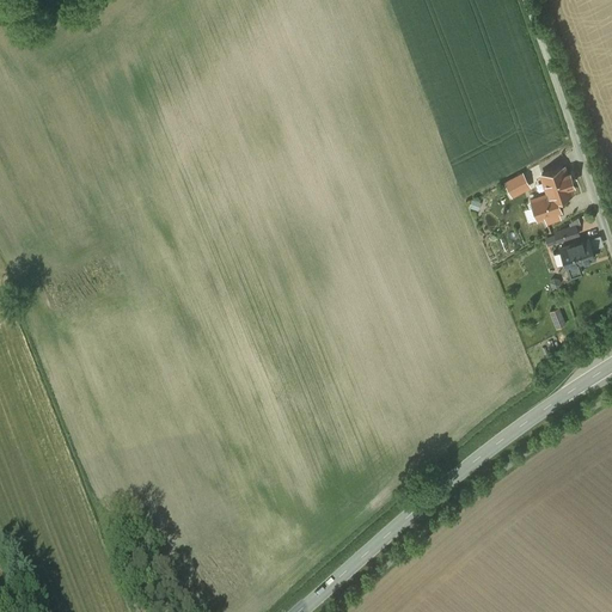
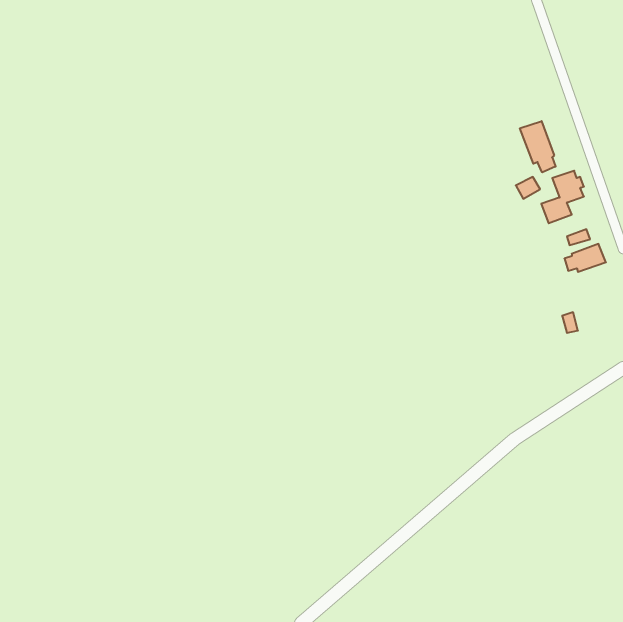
building: none -> [520,121,556,172]

